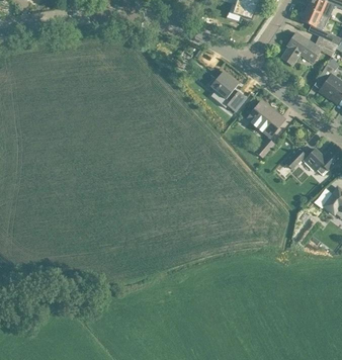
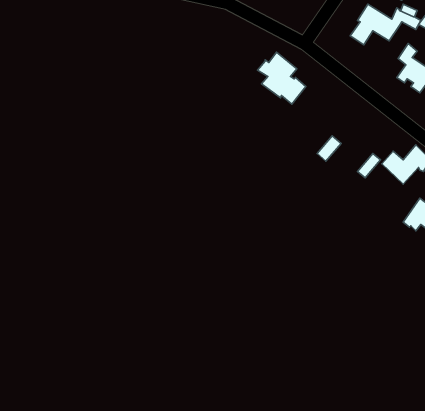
building: [248,101,285,137] -> none

